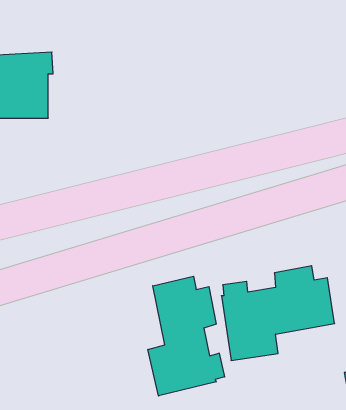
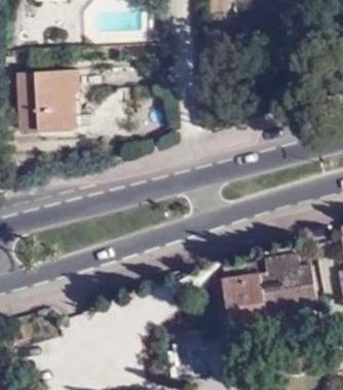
building: [148,276,225,396] -> none

